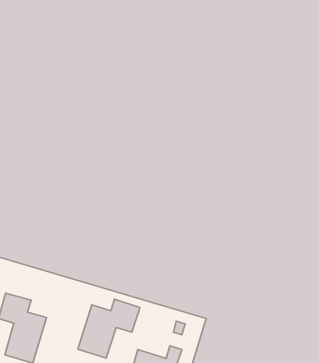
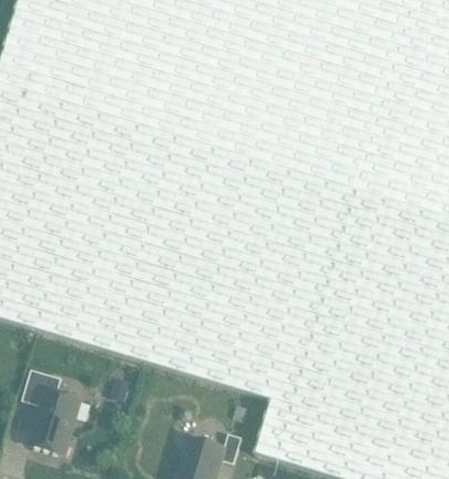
building: [78,299,140,358] -> none

